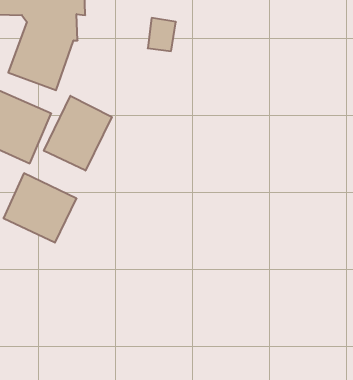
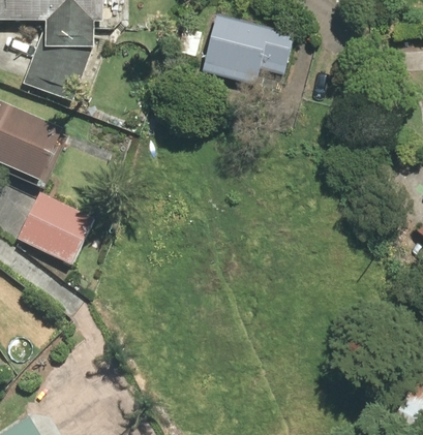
building: none -> [202,15,293,86]
building: [44,96,112,171] -> none

